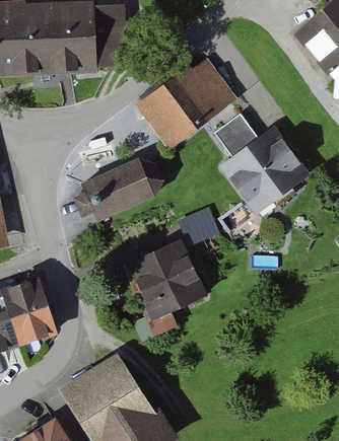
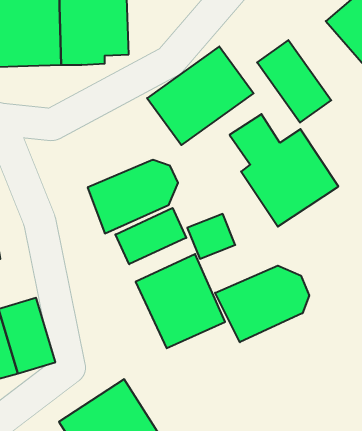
building: none -> [257,40,331,123]
building: none -> [115,208,186,264]
building: none -> [215,266,309,342]

